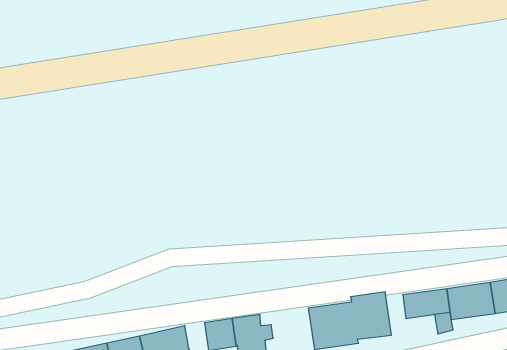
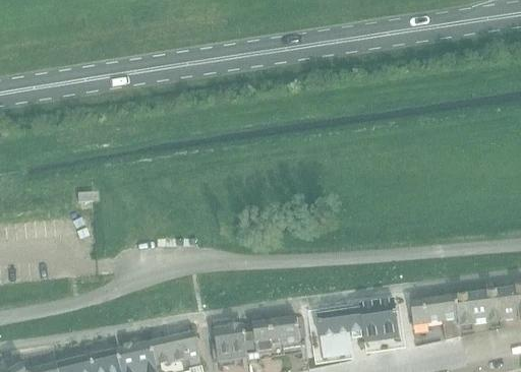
building: none -> [268,313,304,342]

